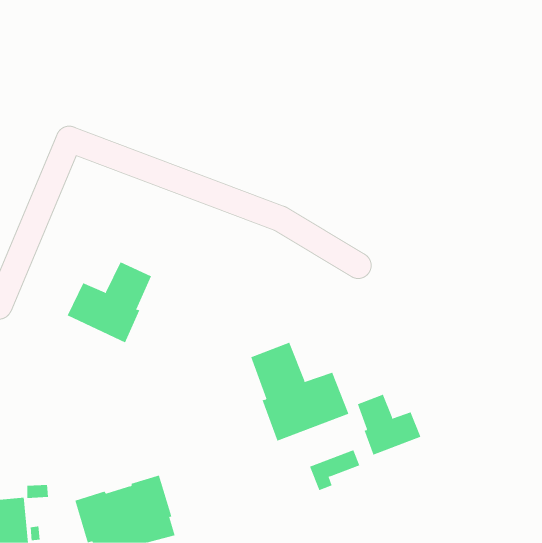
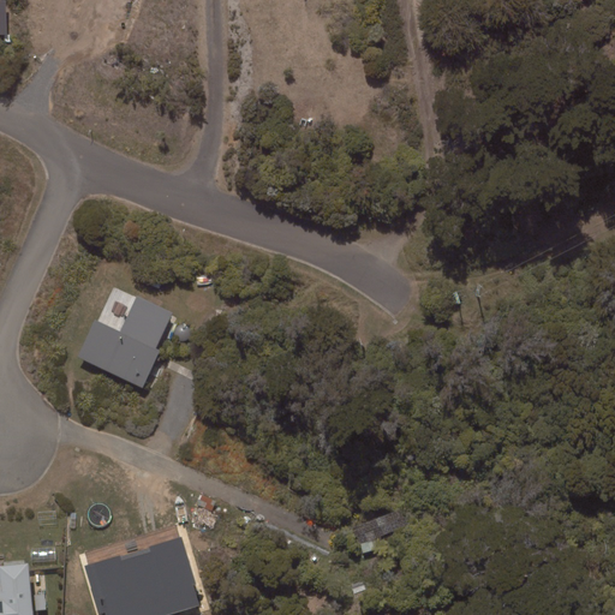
building: [250,342,349,442] -> none
building: [357,394,421,456] -> none

